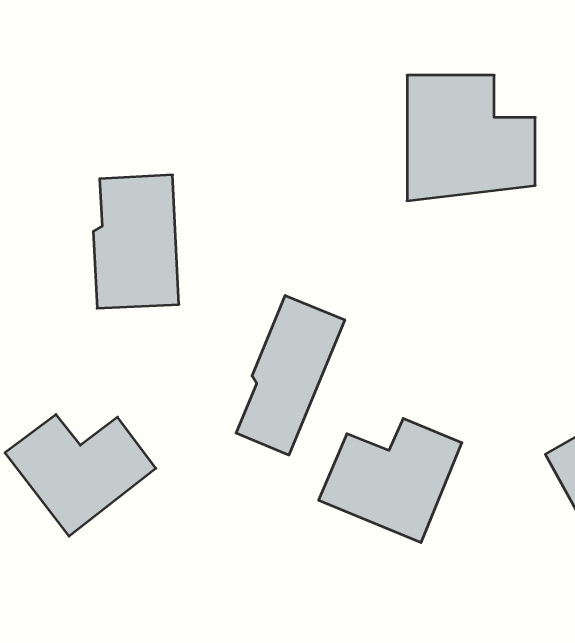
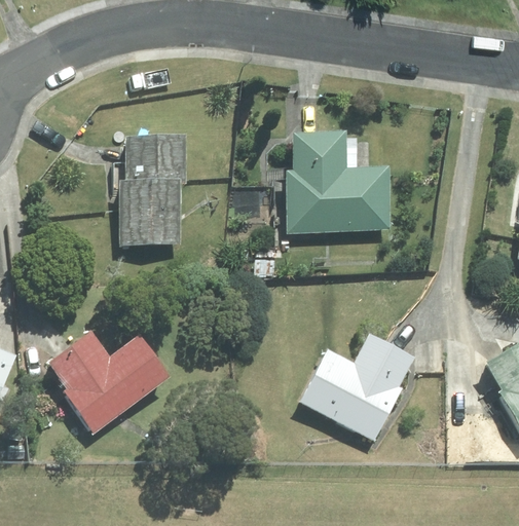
building: [407,75,535,201] -> [291,136,394,236]
building: [236,295,345,455] -> none

